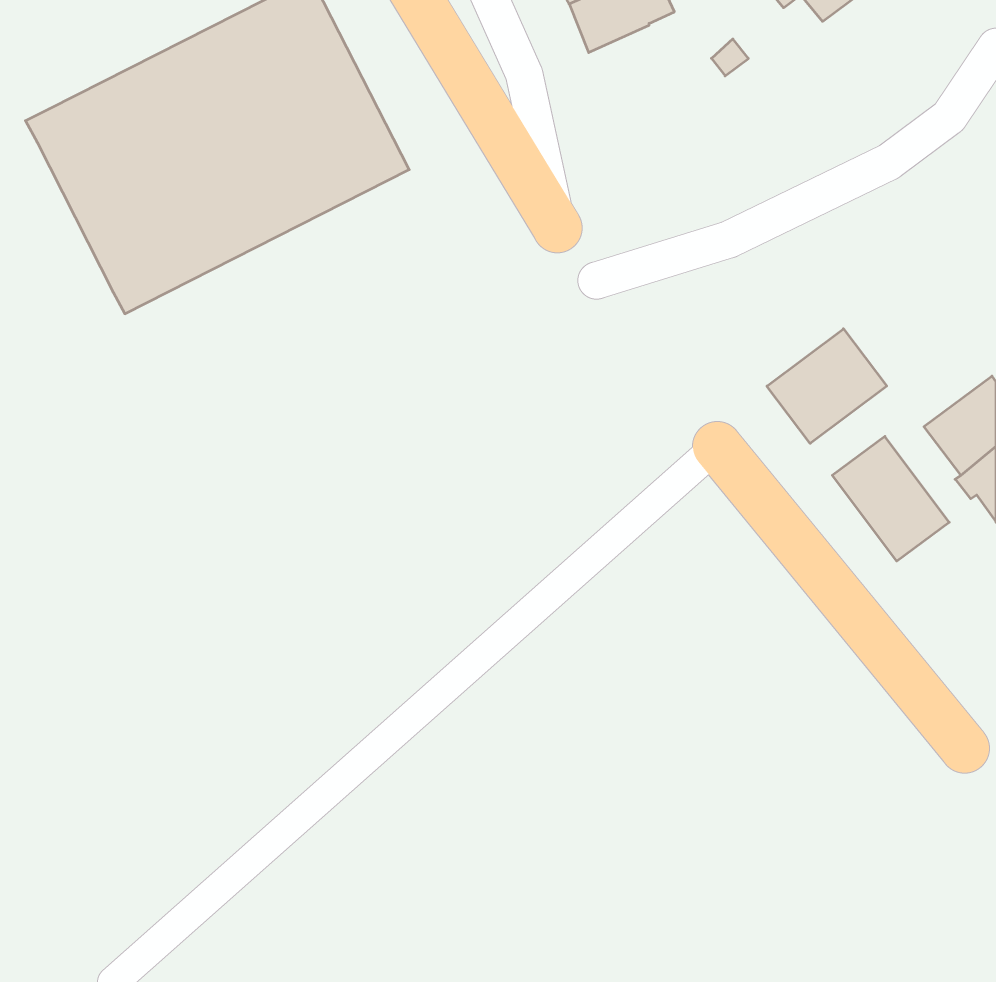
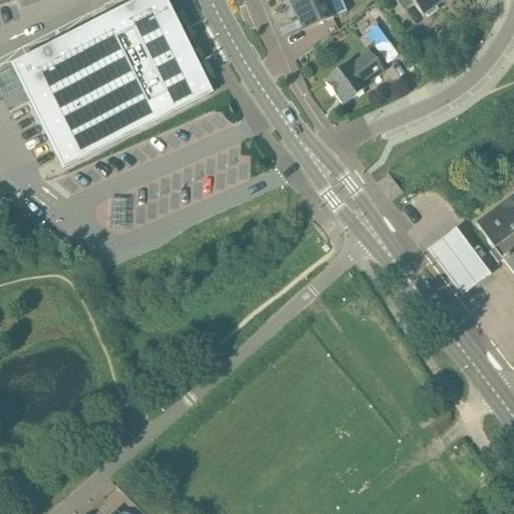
building: none -> [327,47,384,100]
building: [767,329,887,443] -> none

